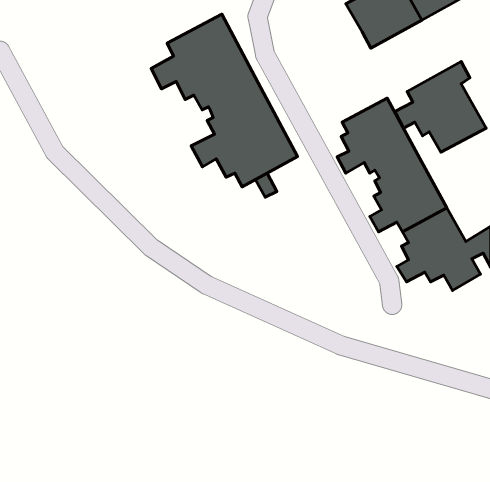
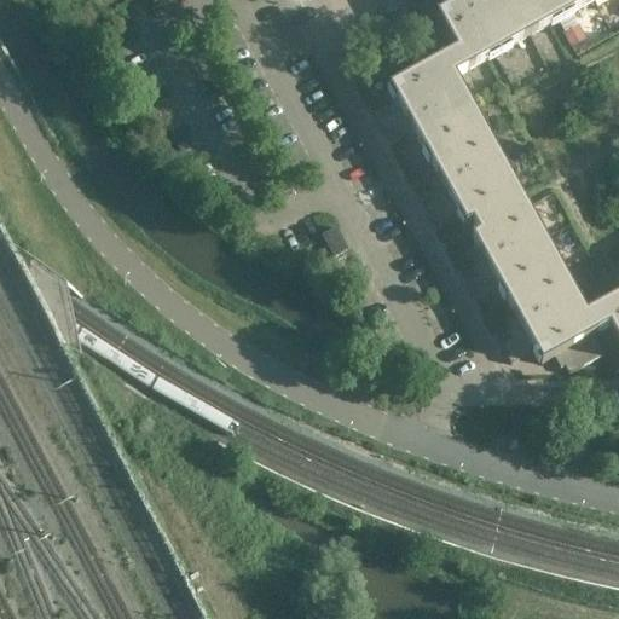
building: [151,14,298,187] -> none
building: [395,62,486,152] -> [374,40,488,154]

